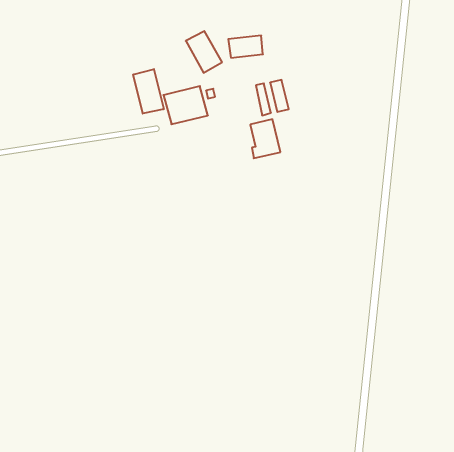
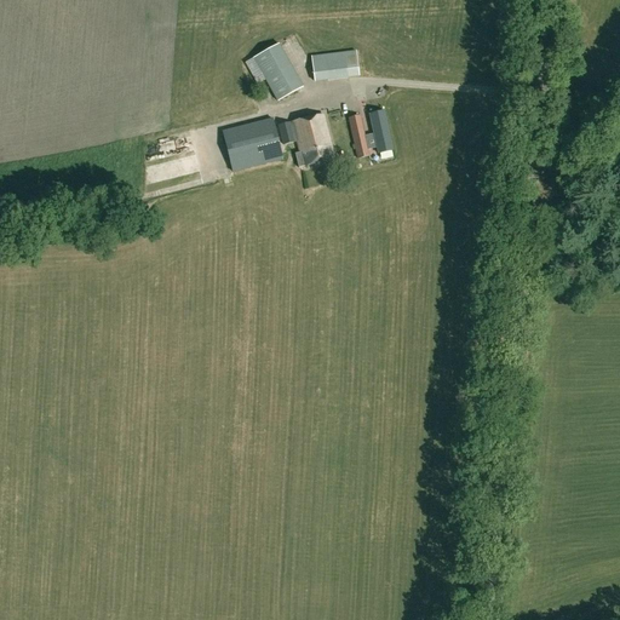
building: [133,69,164,114] -> none
building: [250,119,280,158] -> [293,113,334,166]

